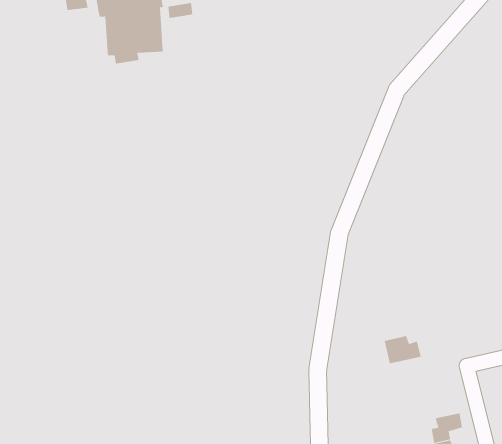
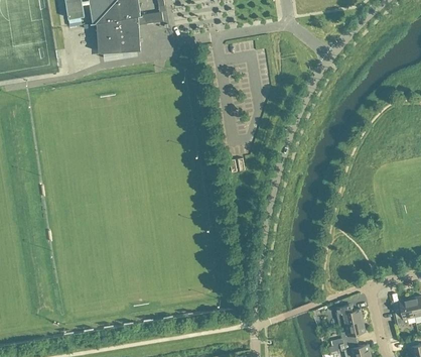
building: [384,336,421,364] -> [334,304,363,325]

